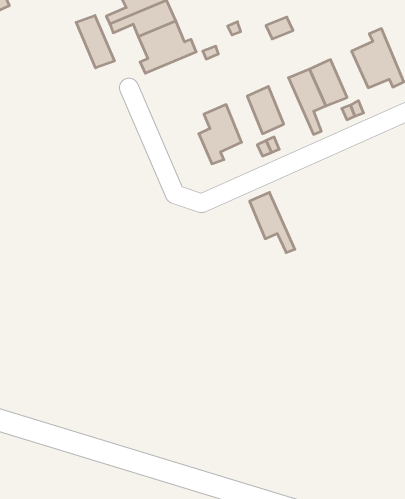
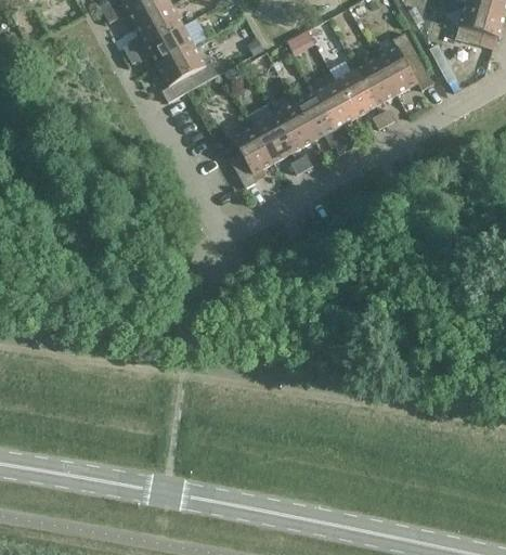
building: [76,15,114,68] -> none
building: none -> [355,57,397,105]
building: none -> [254,114,294,162]
building: [250,192,295,253] -> [295,91,346,151]

